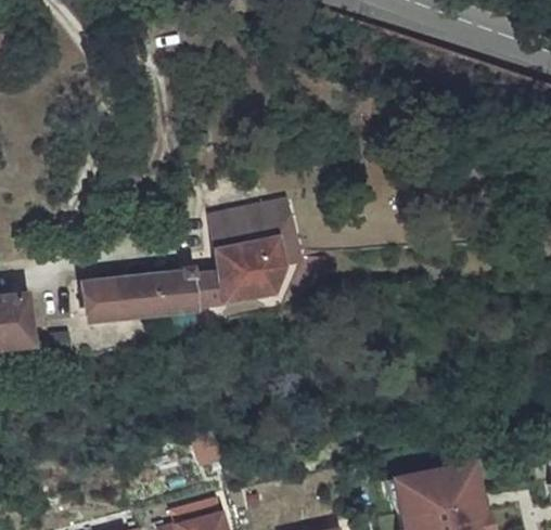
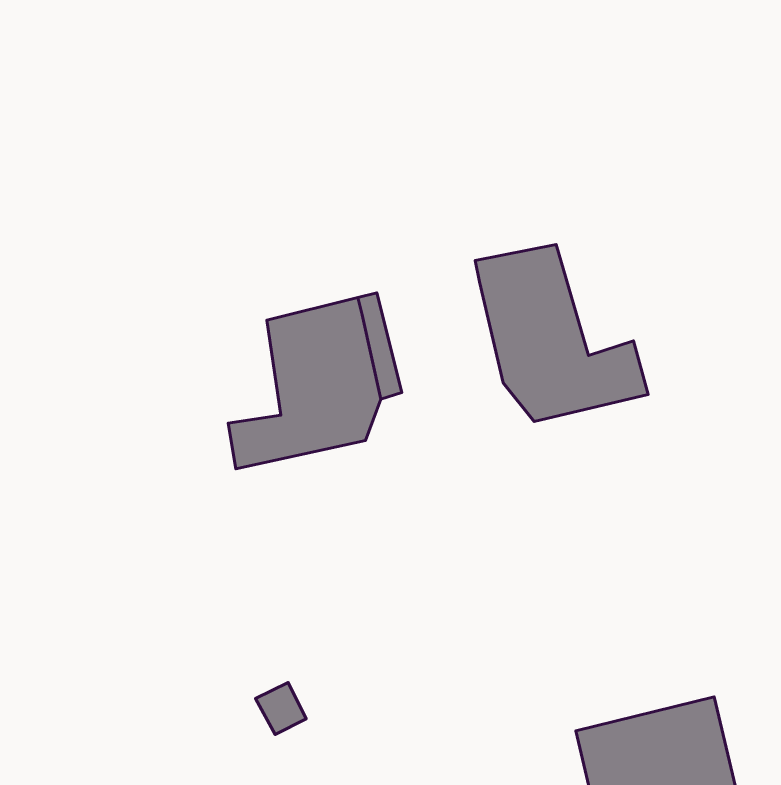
building: none -> [475,245,648,422]
building: [92,276,192,315] -> none

